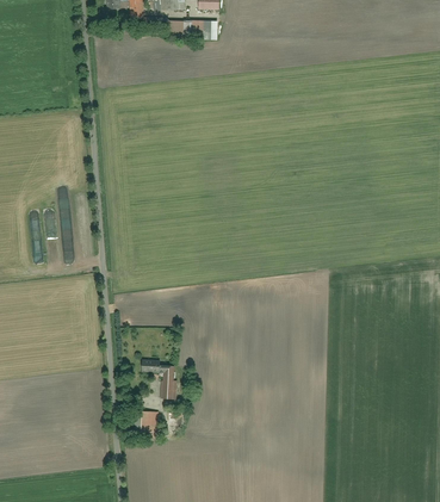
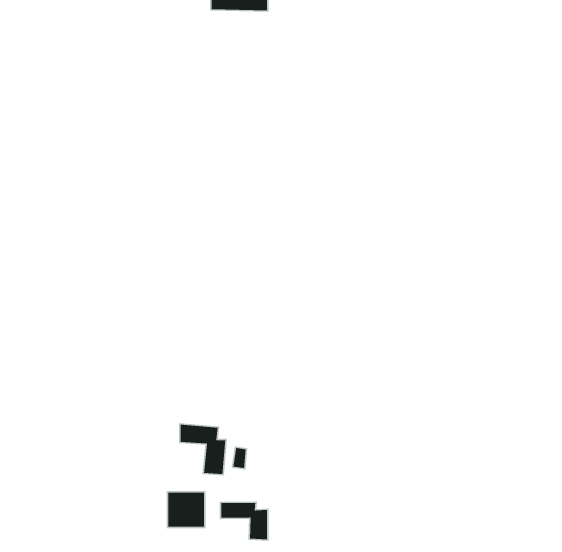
building: none -> [220,502,268,540]

